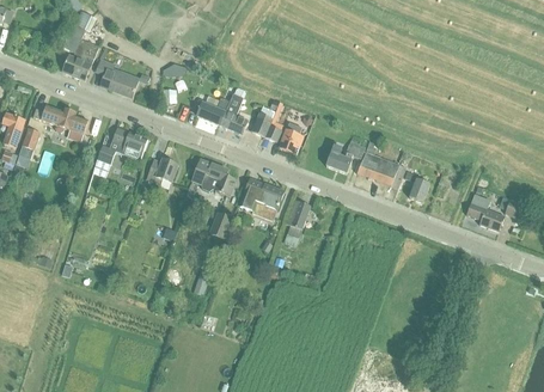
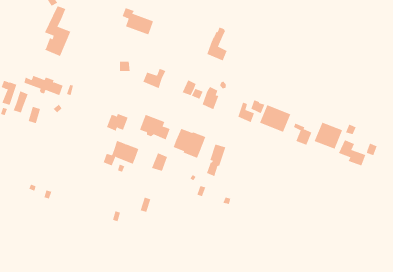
building: [94,59,139,97] -> [122,7,154,35]
building: [219,87,247,134] -> [207,27,228,61]
building: [97,127,147,163] -> [103,140,139,166]
building: none -> [314,122,343,150]

